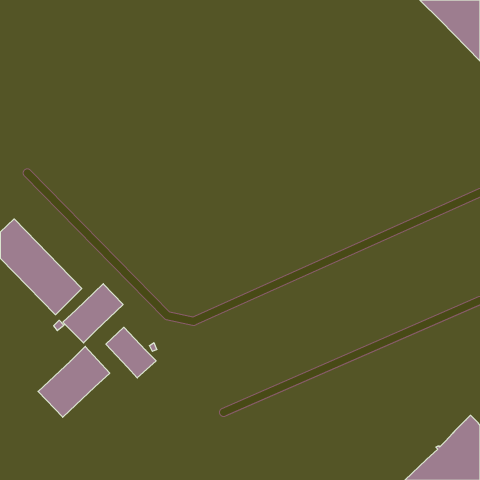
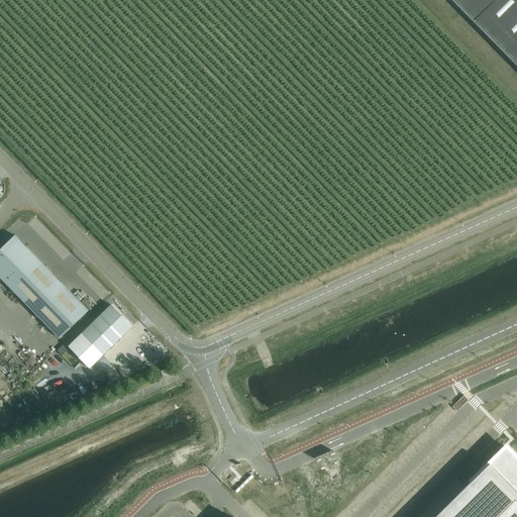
building: [106,327,156,378] -> none
building: [38,346,110,417] -> none

